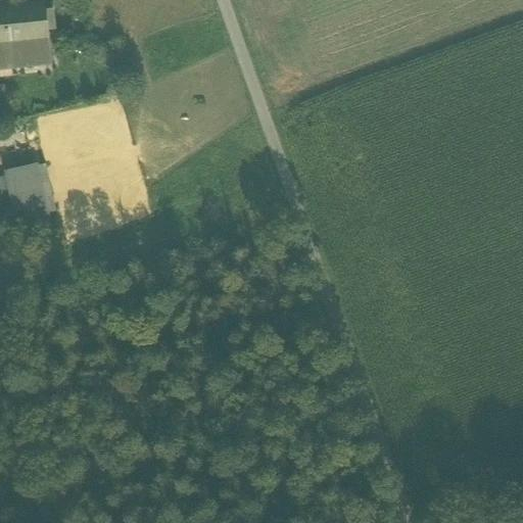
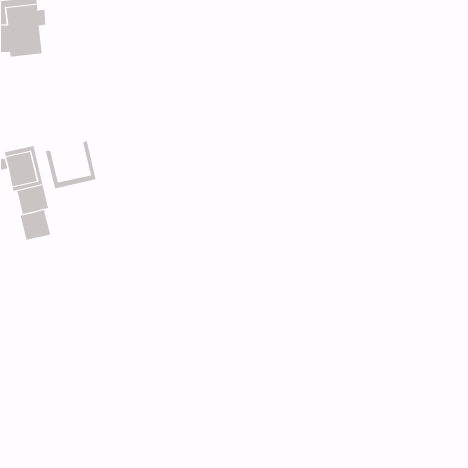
building: none -> [45,141,96,189]
building: none -> [20,209,51,240]

